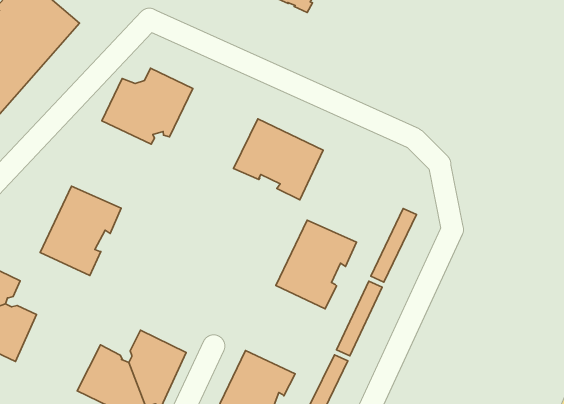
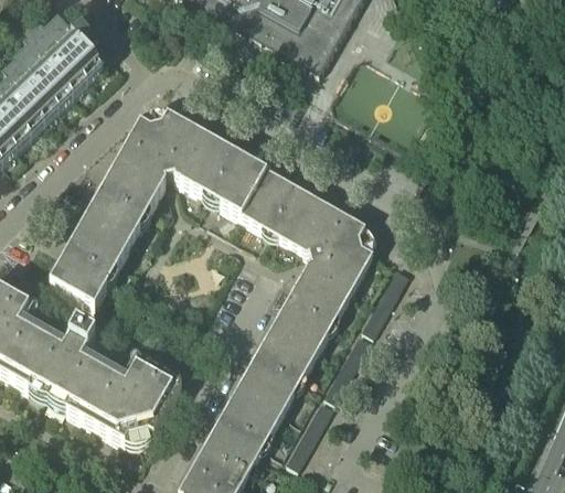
building: none -> [181,132,266,211]
building: none -> [85,157,163,240]
building: none -> [300,200,374,289]
building: none -> [238,324,317,409]
building: none -> [20,322,102,410]

